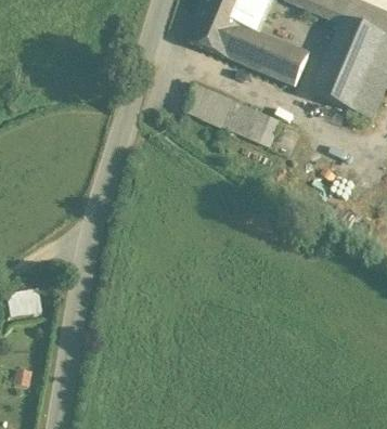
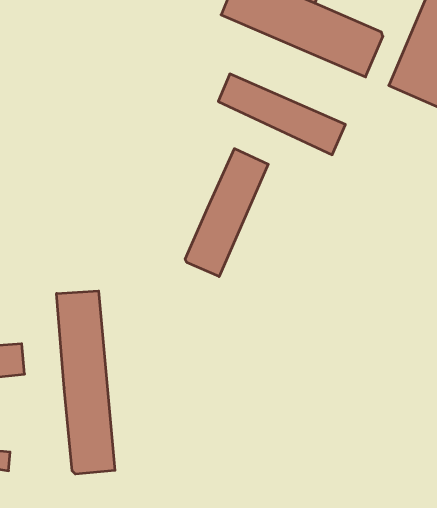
building: none -> [185,149,268,277]
building: none -> [57,291,115,474]

